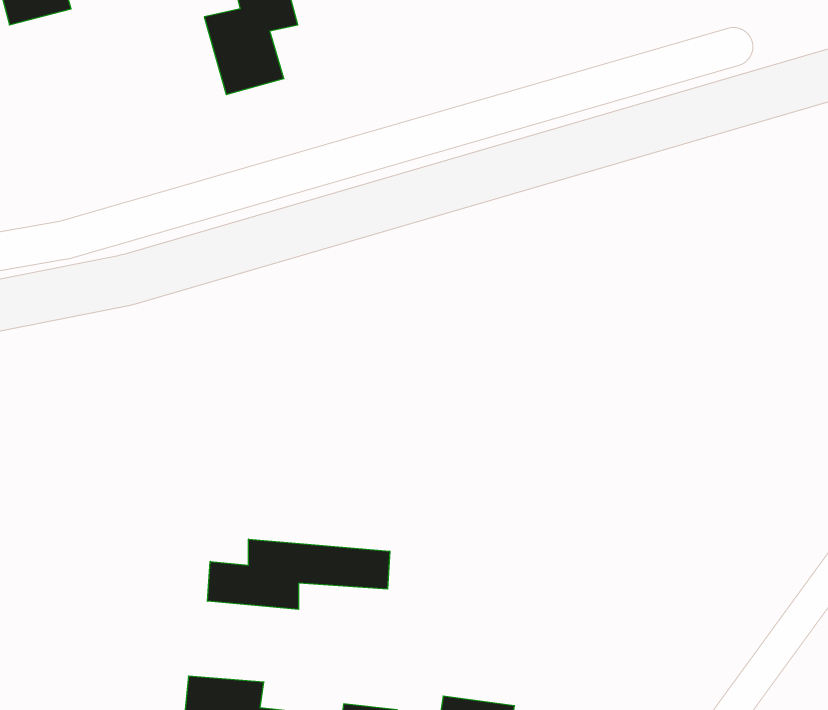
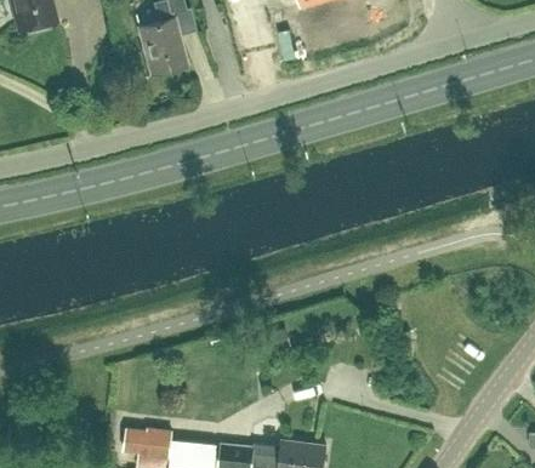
building: [208,539,390,609] -> none

